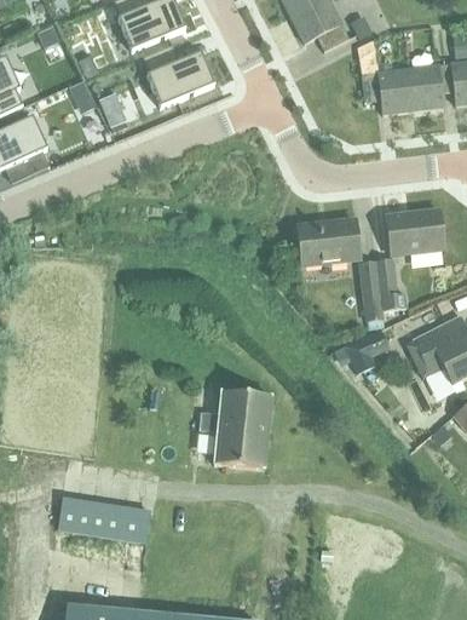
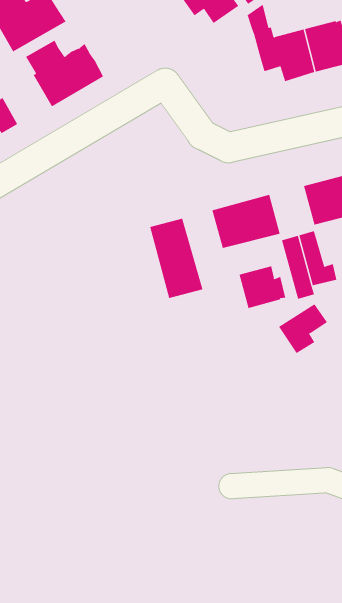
building: none -> [149,218,203,299]
building: none -> [239,265,286,309]
building: [200,391,270,469] -> none
building: [57,498,150,541] -> none

